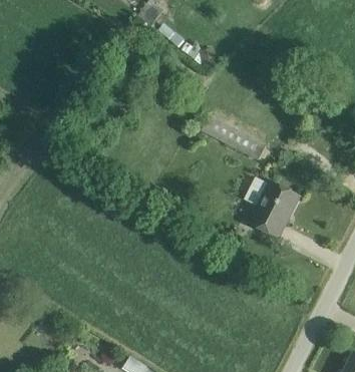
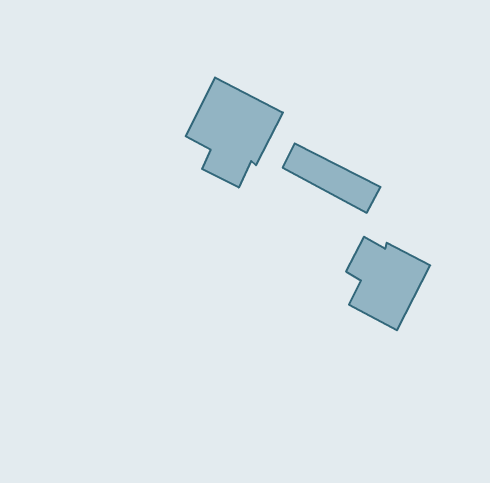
building: none -> [186,77,283,188]

